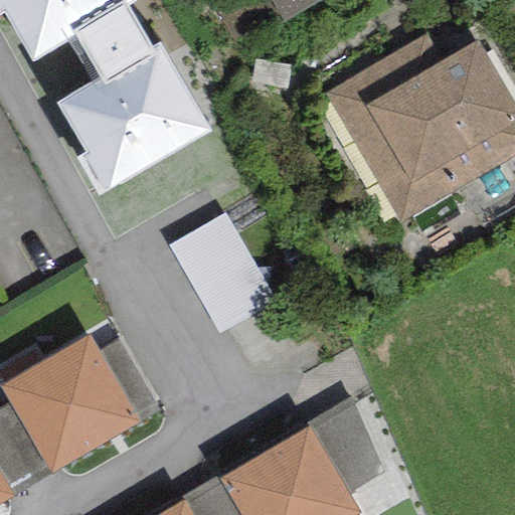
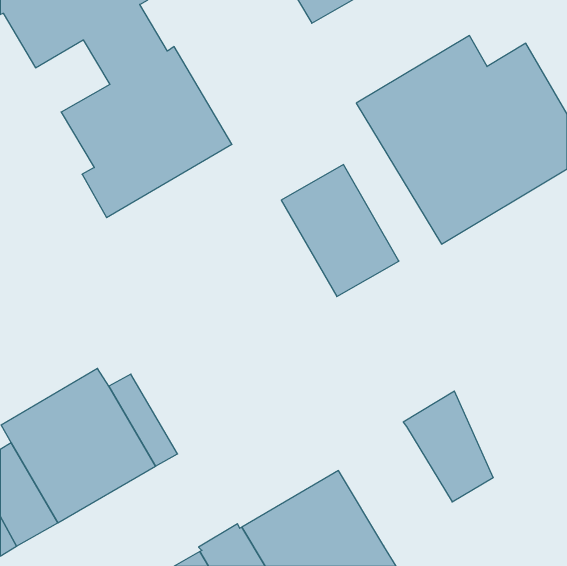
building: [168,213,275,333] -> [281,165,399,297]
building: [304,394,385,495] -> [403,391,493,502]

